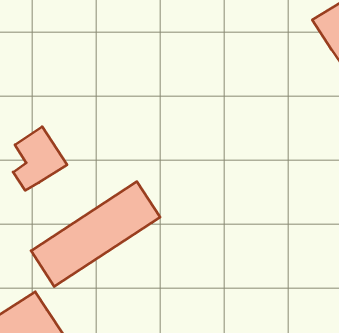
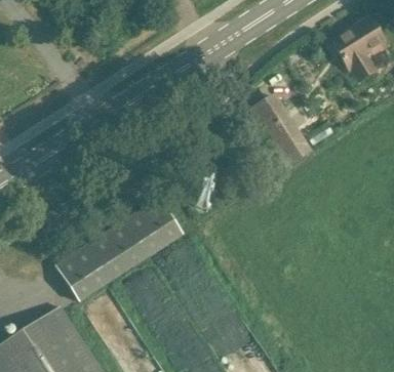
building: none -> [251,96,310,166]
building: [13,127,67,190] -> none

